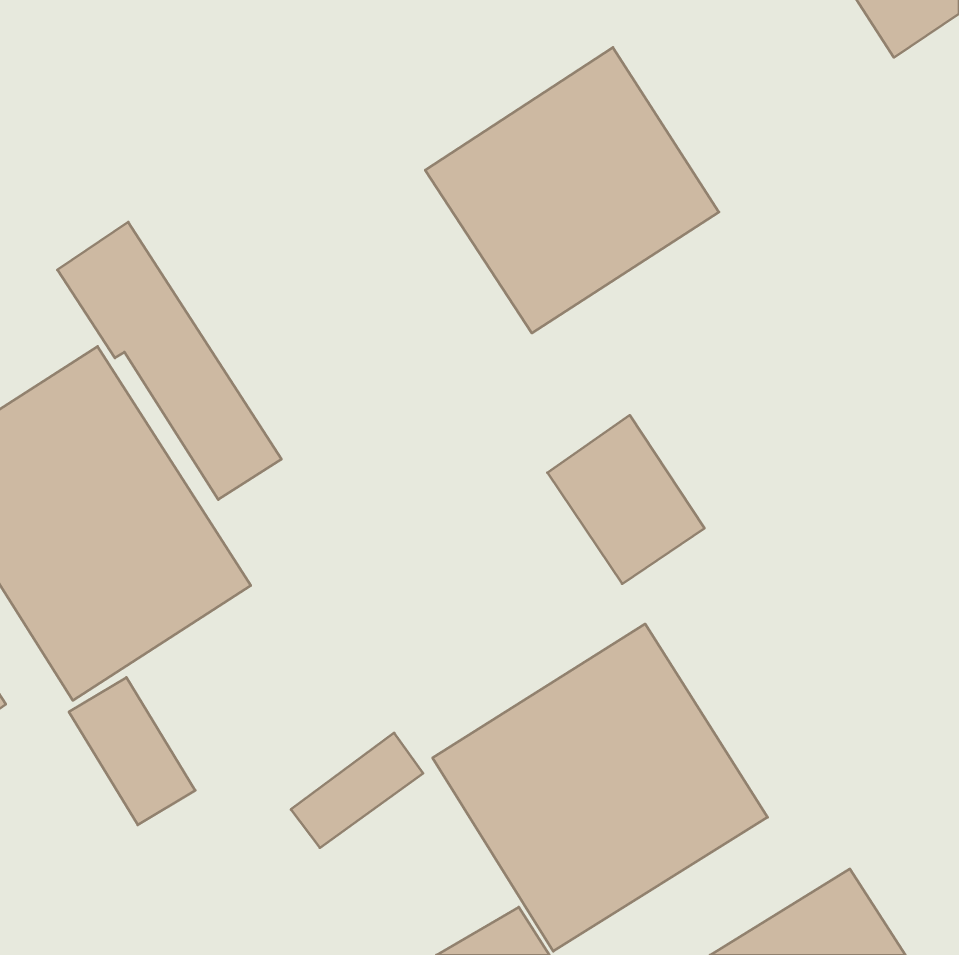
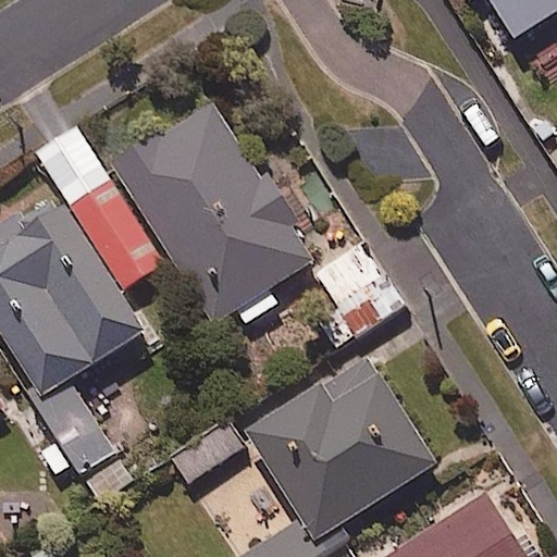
building: [425,47,719,333] -> none
building: none -> [111,102,312,323]

